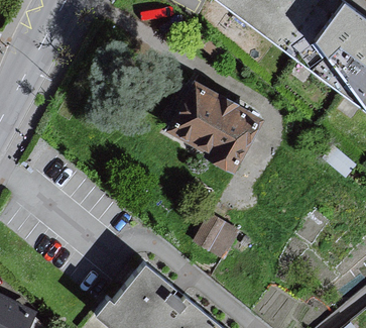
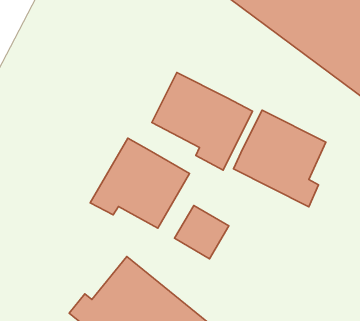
building: none -> [233,110,326,207]
building: none -> [90,138,190,228]

